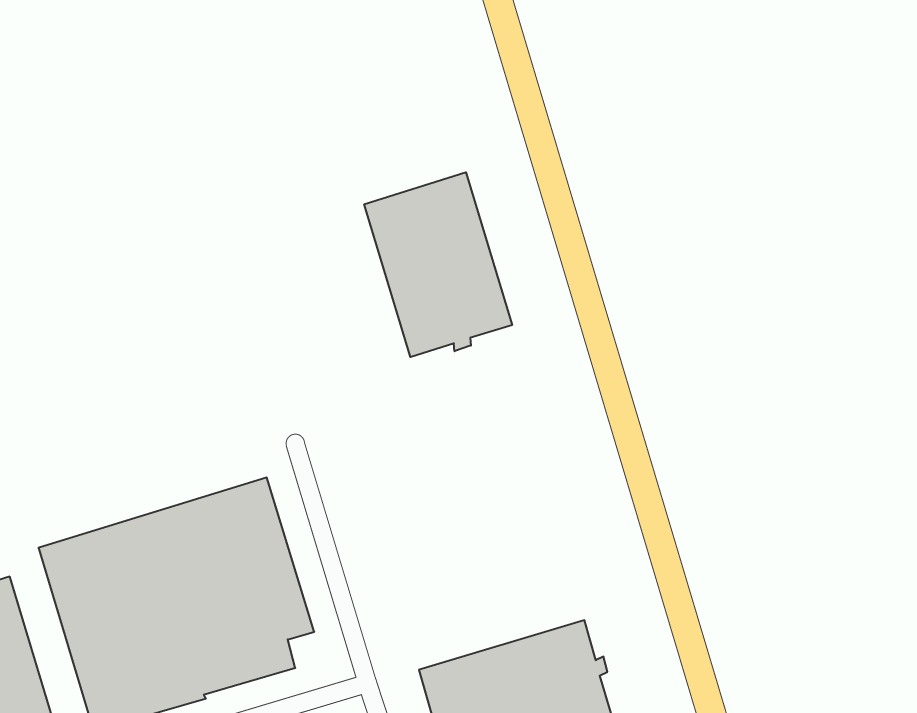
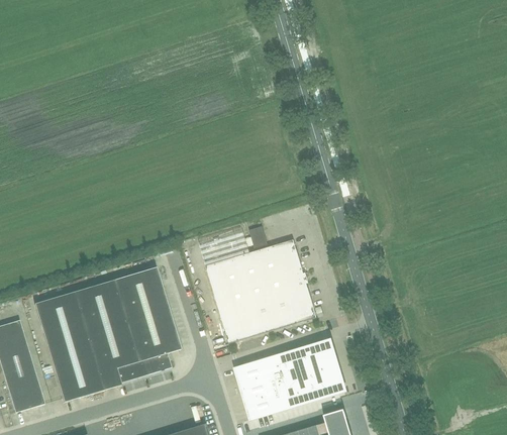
building: [364,172,512,357] -> none
building: none -> [206,225,316,343]

